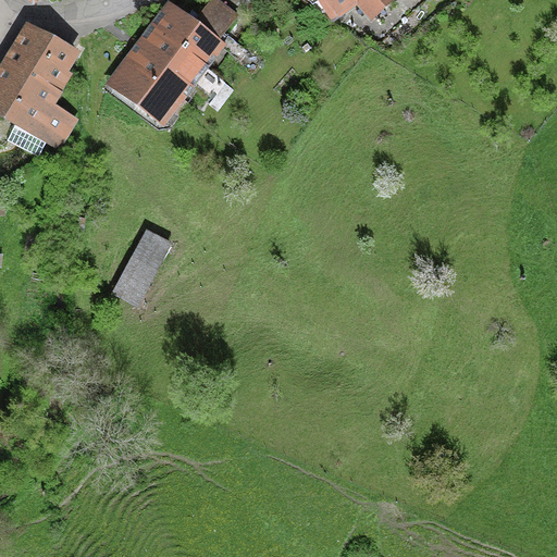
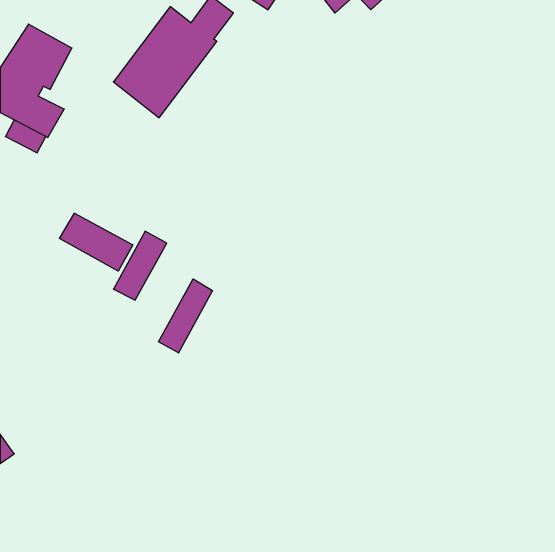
building: none -> [59,213,133,271]
building: none -> [158,279,212,353]

